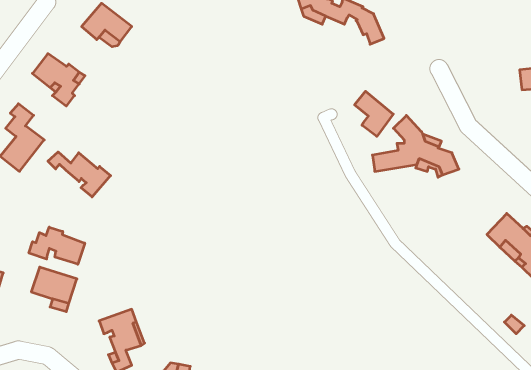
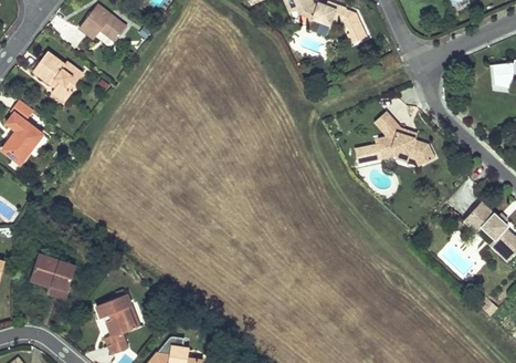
building: [355,91,393,136] -> none
building: [48,152,111,197] -> none
building: [29,227,85,264] -> none

